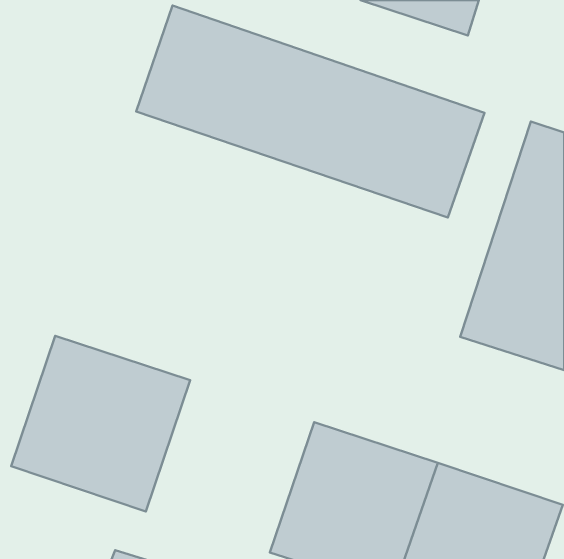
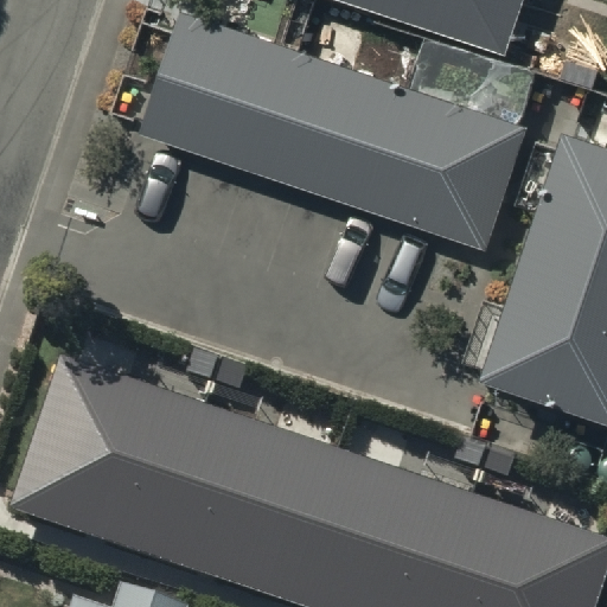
building: none -> [156,414,337,599]

